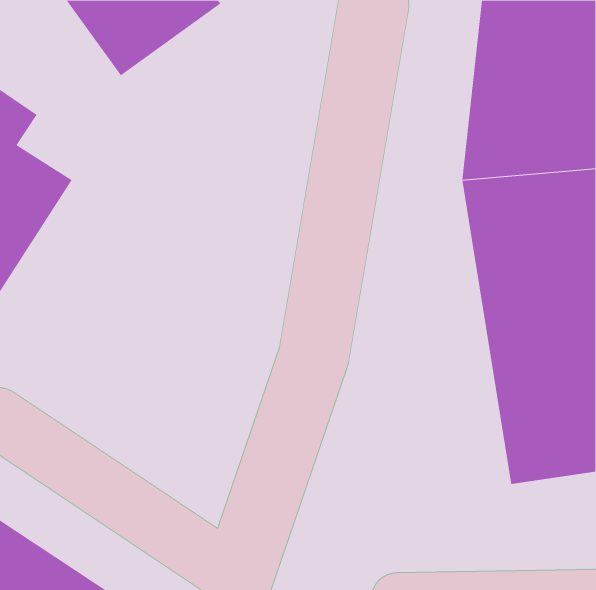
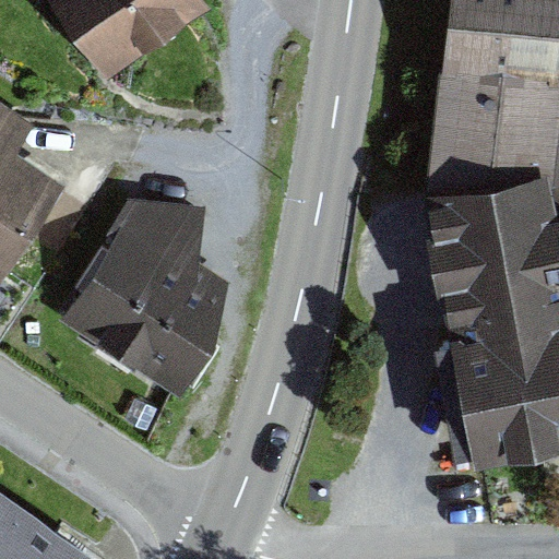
building: none -> [56,200,250,393]

